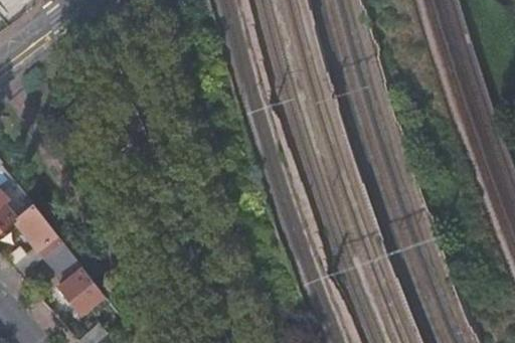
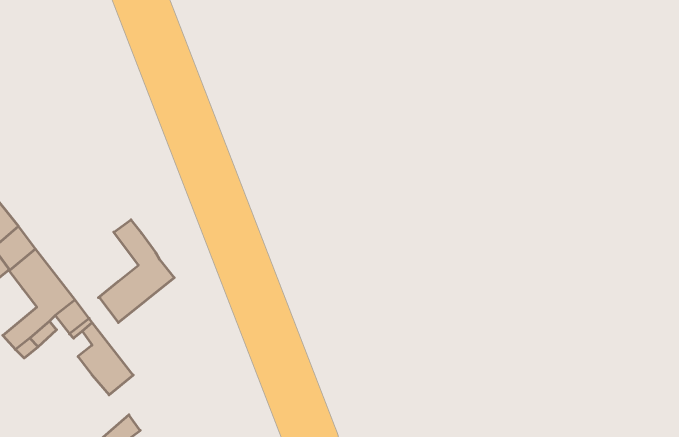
building: none -> [98,220,174,323]

